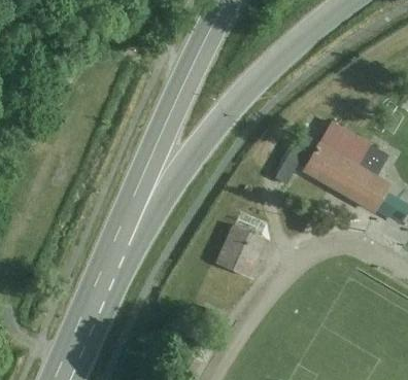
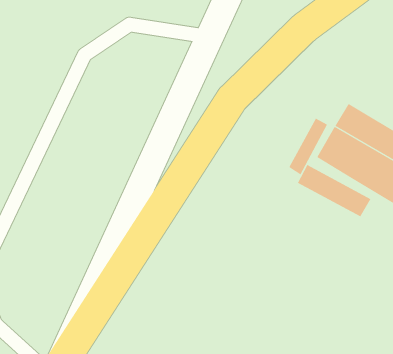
building: none -> [297,164,371,217]
building: [215,224,266,277] -> none

